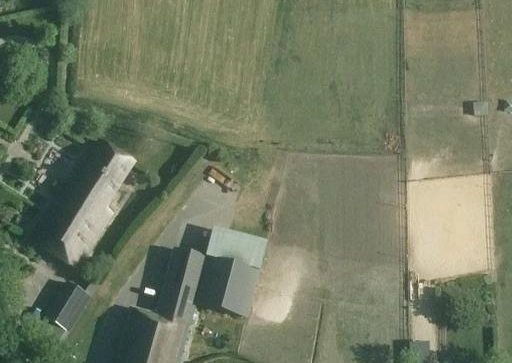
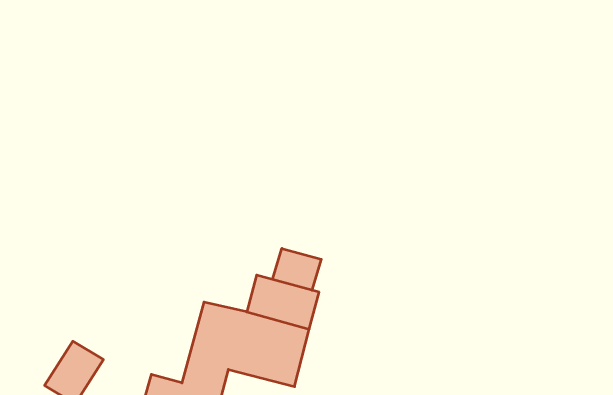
building: [32,141,133,268] -> none
building: none -> [273,248,321,290]

